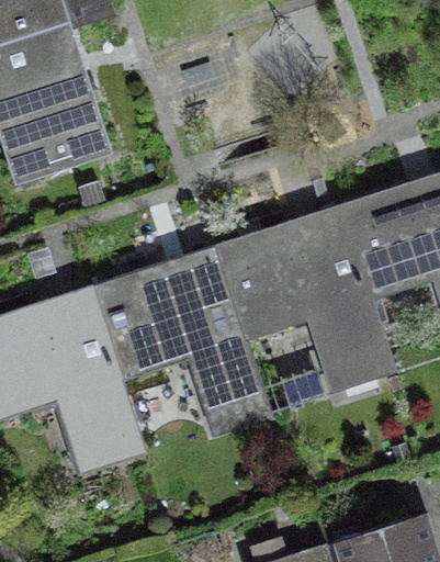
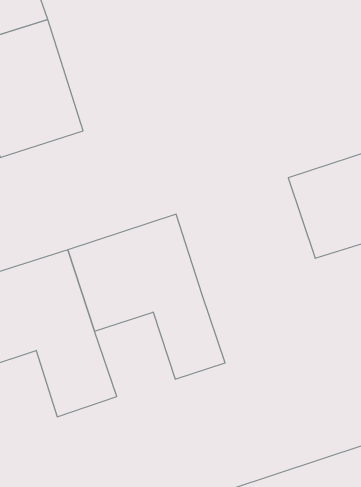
building: [215,204,397,391] -> none

